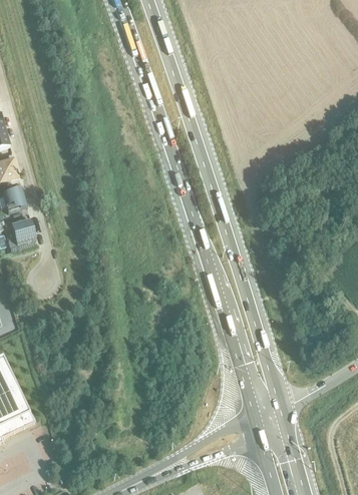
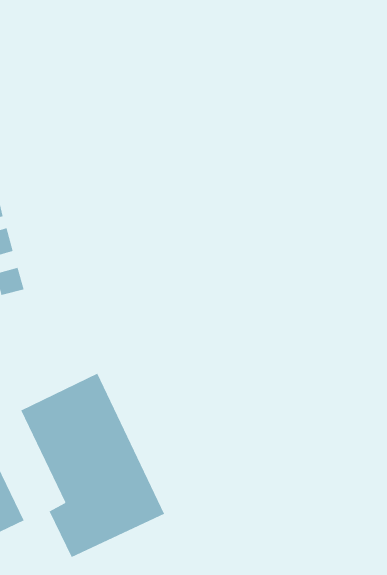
building: none -> [20,373,165,558]

